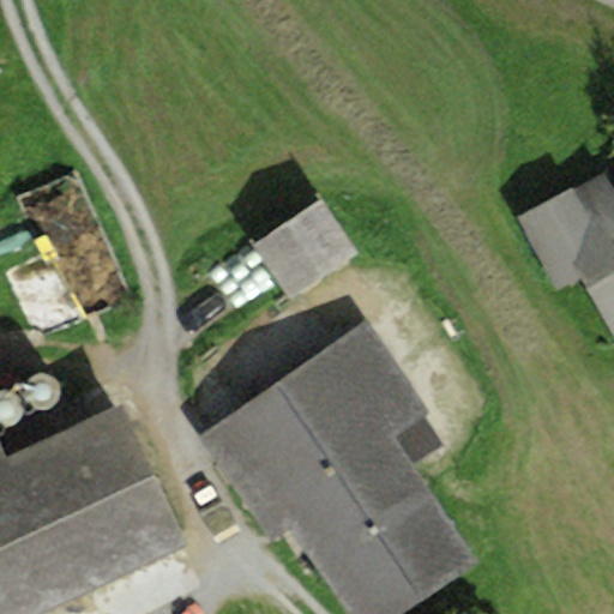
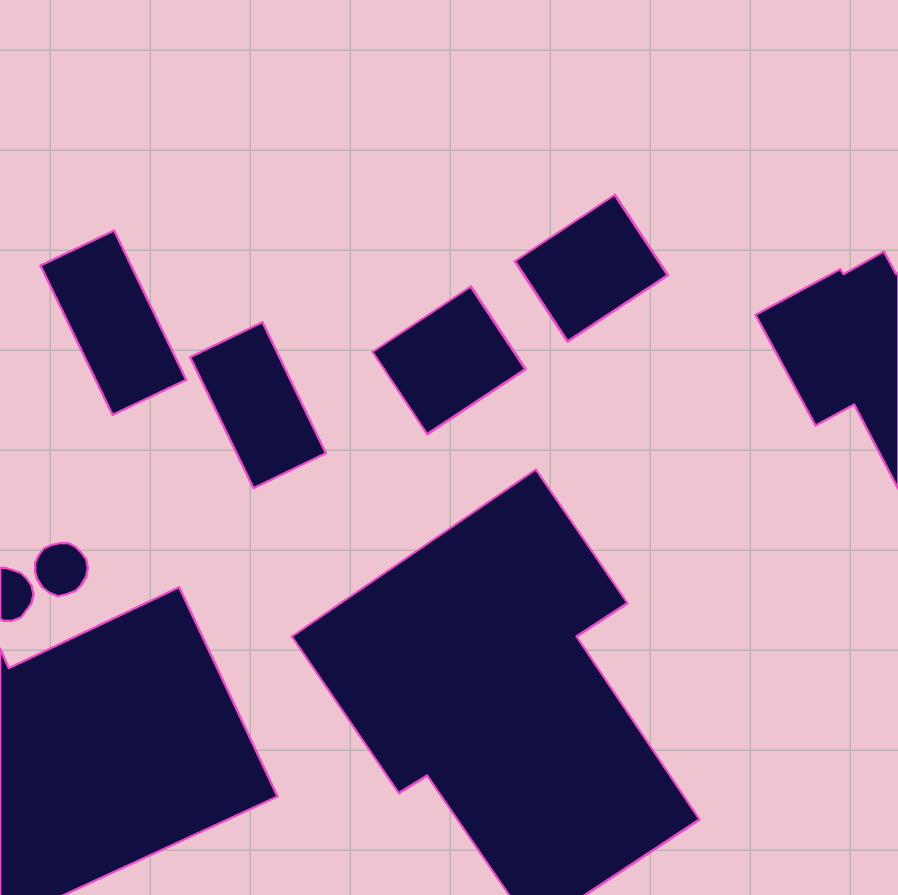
building: none -> [515,195,668,341]
building: none -> [190,322,326,488]

